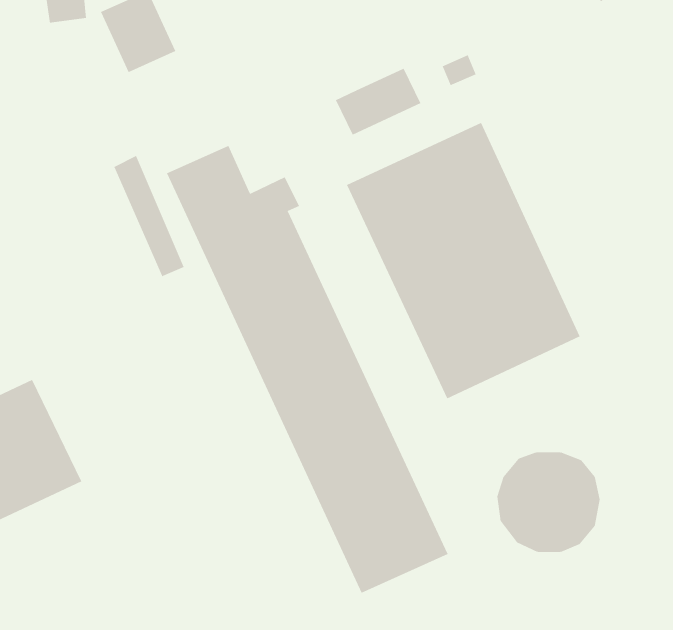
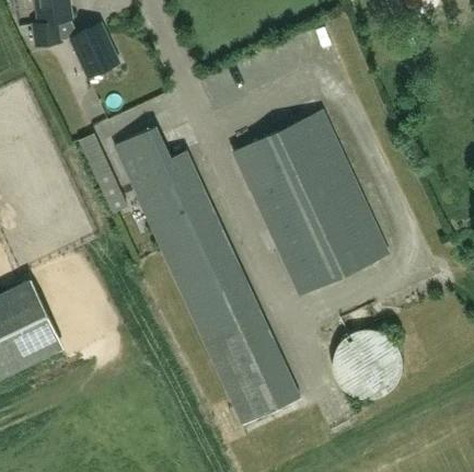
building: [335,68,421,135] -> none

